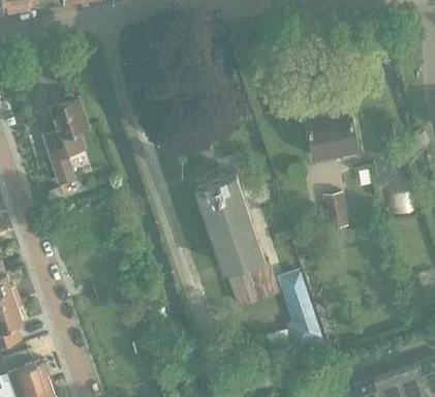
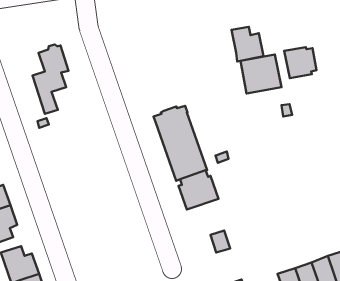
building: none -> [231,27,264,61]
building: none -> [284,47,316,78]
building: [323,192,346,228] -> none
building: [281,273,319,343] -> none

